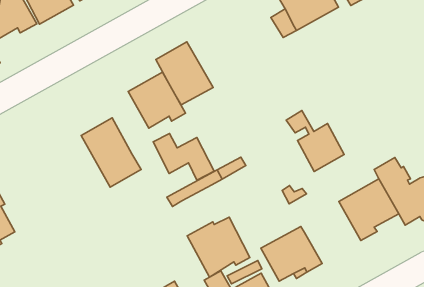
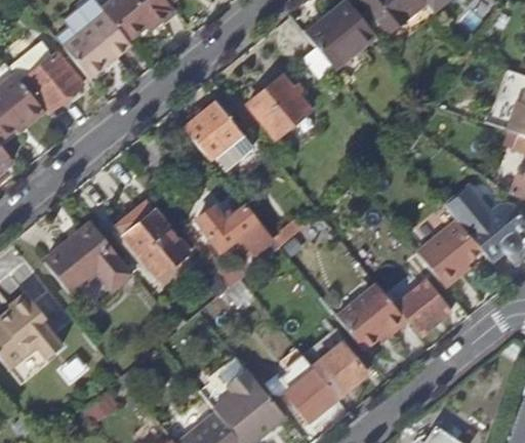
building: none -> [247,75,310,137]
building: [128,72,186,128] -> none
building: [286,111,344,171] -> [379,271,450,335]
building: none -> [45,220,131,292]
building: [187,217,250,277] -> none

